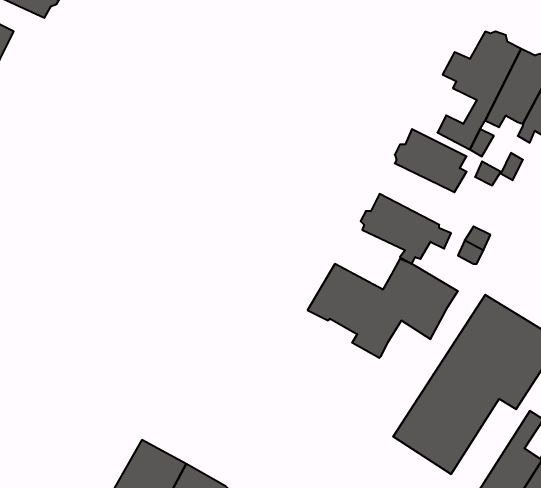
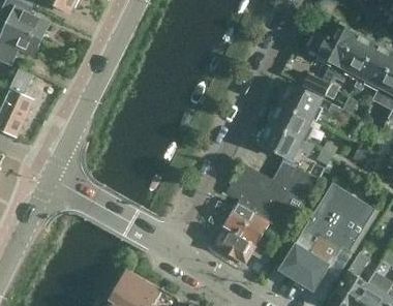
building: none -> [268,103,312,141]
building: none -> [212,197,279,264]

